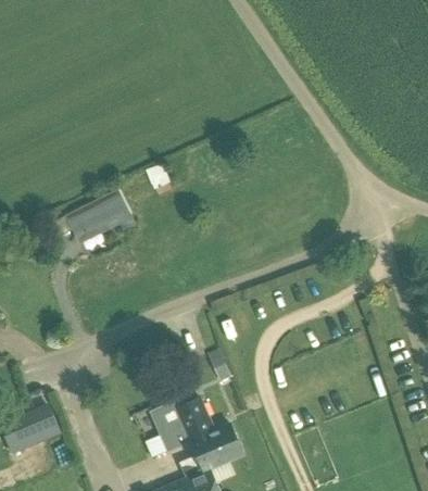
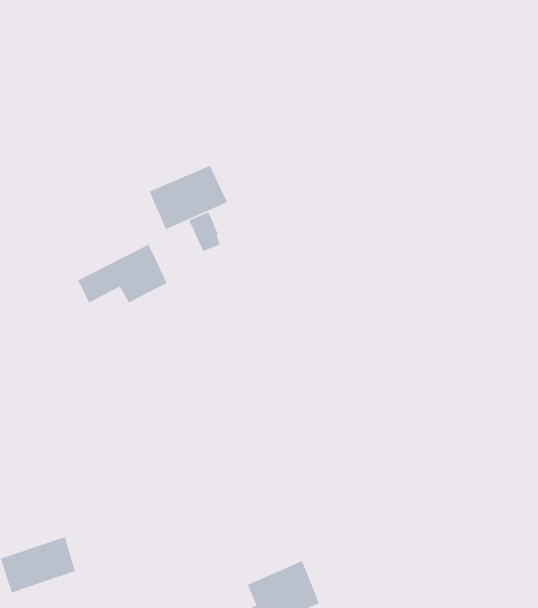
building: none -> [148,165,228,230]
building: [148,400,210,454] -> none

